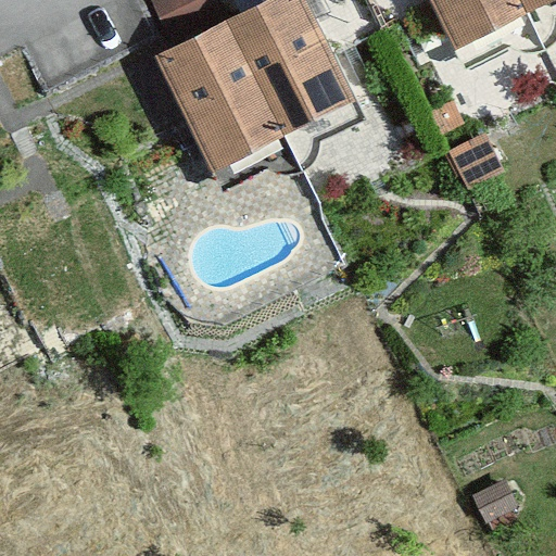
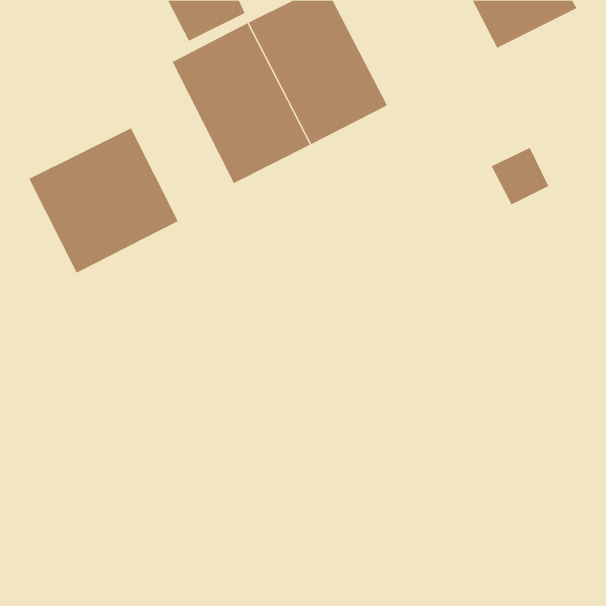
building: none -> [28,127,178,273]

